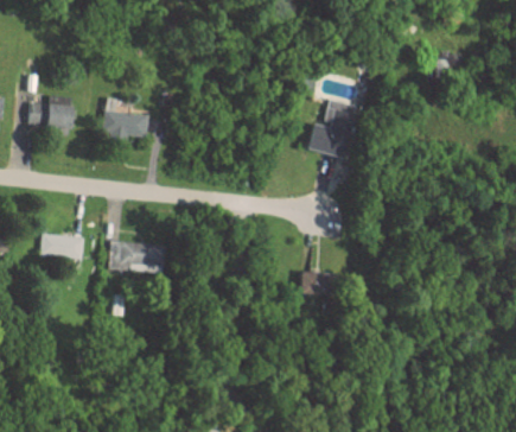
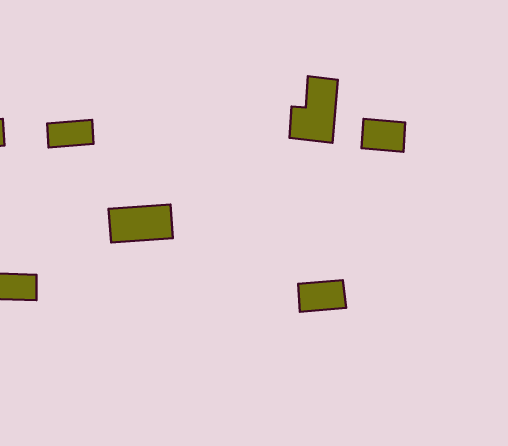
building: none -> [362,119,405,152]
building: [108,242,161,273] -> [109,205,173,243]

